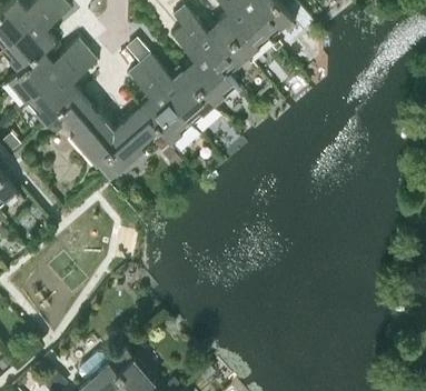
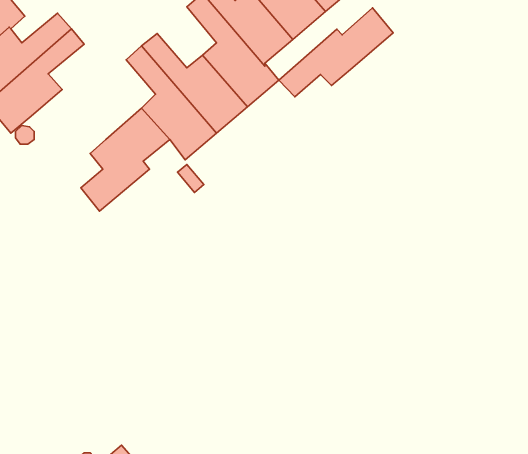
building: none -> [279,8,393,97]
building: [60,94,113,164] -> none

